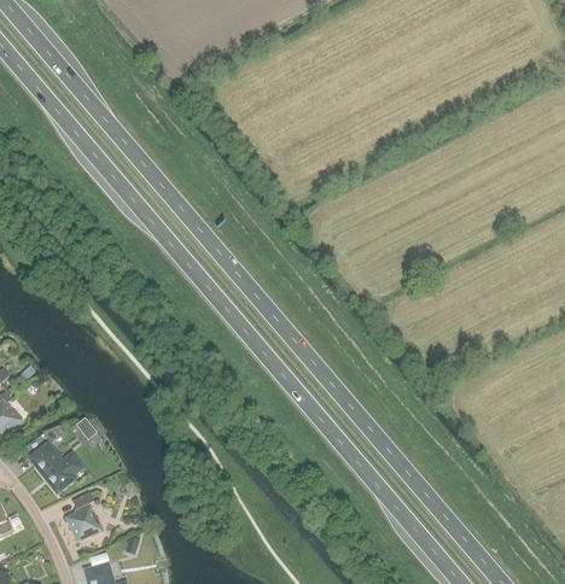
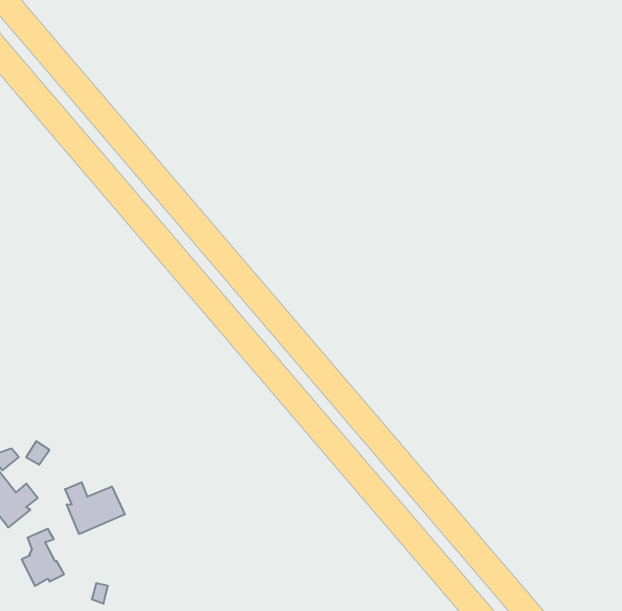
building: none -> [65,482,125,534]

